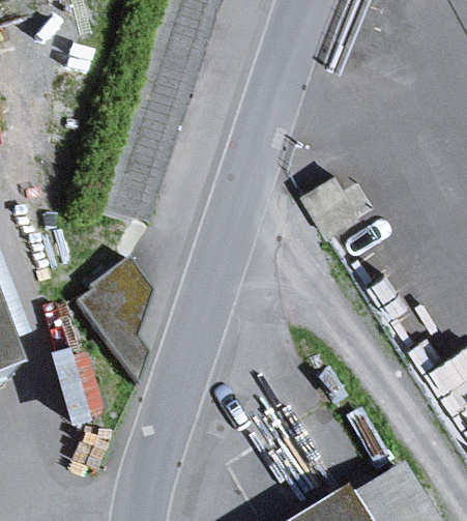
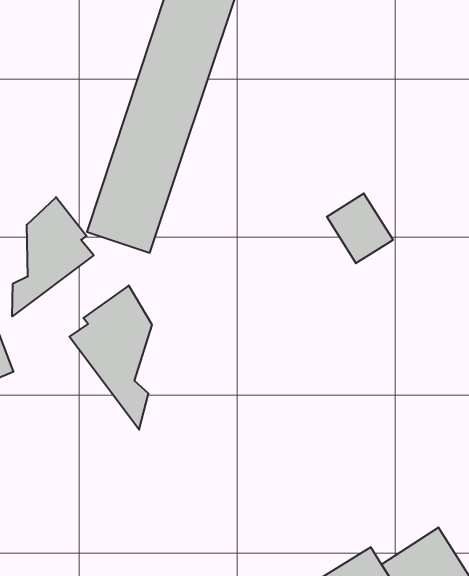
building: none -> [12,197,94,316]

